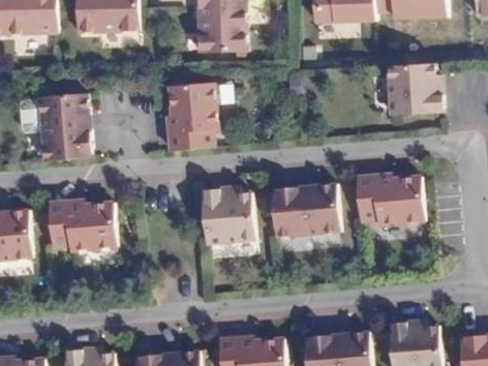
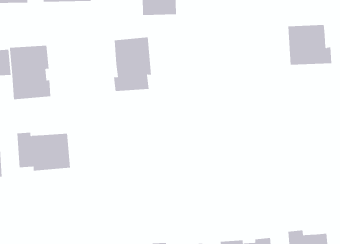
building: [356,175,423,223] -> none
building: [271,183,339,236] -> none
building: [201,187,253,241] -> none

